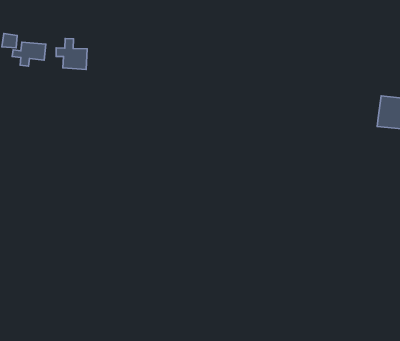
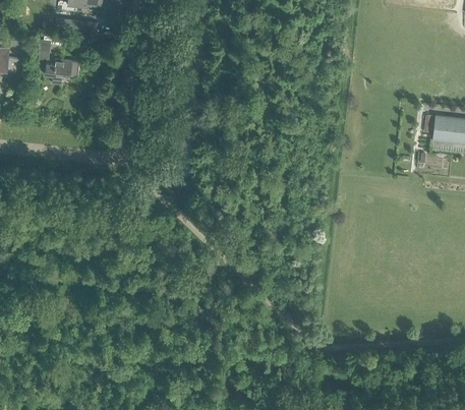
building: [56,38,87,70] -> none

